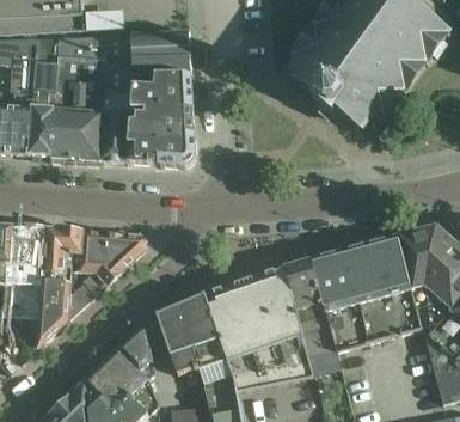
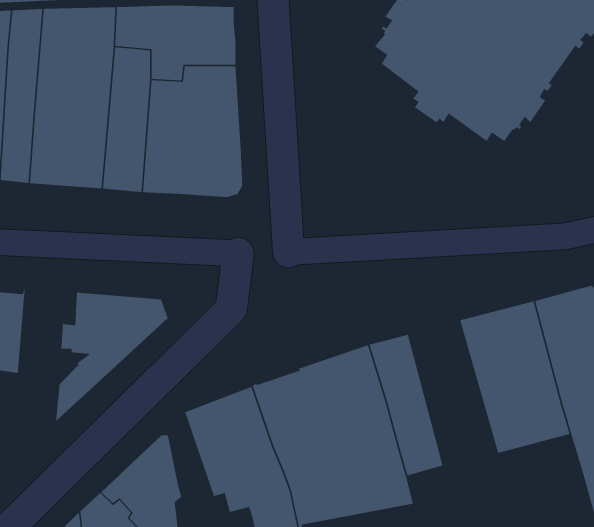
building: [38,228,81,348] -> none
building: [309,250,370,351] -> none

